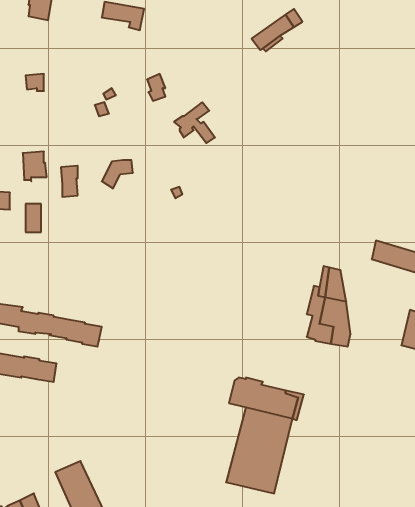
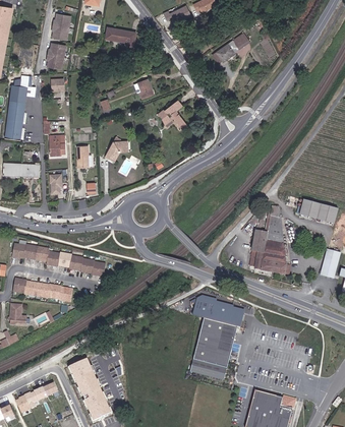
building: none -> [46,44,65,69]

